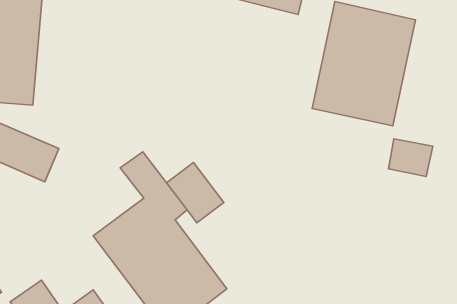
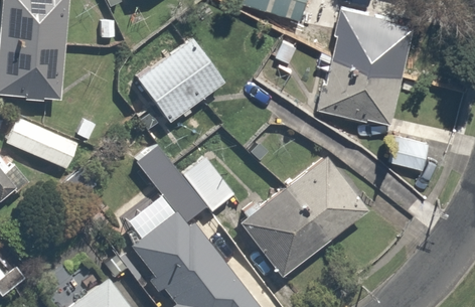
building: none -> [134,38,223,124]
building: none -> [241,157,365,275]

